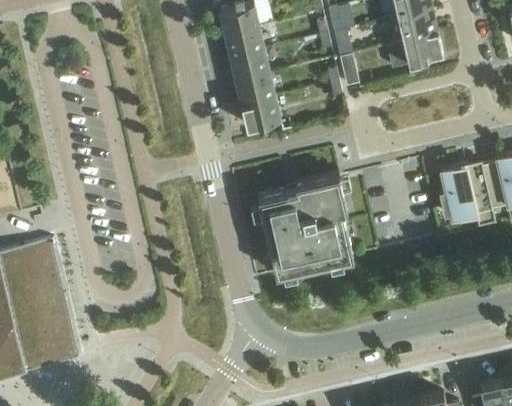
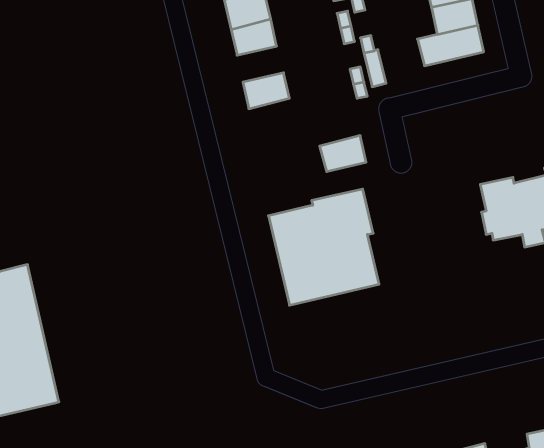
building: [230,51,270,82] -> none
building: [240,96,280,127] -> [320,136,366,172]

